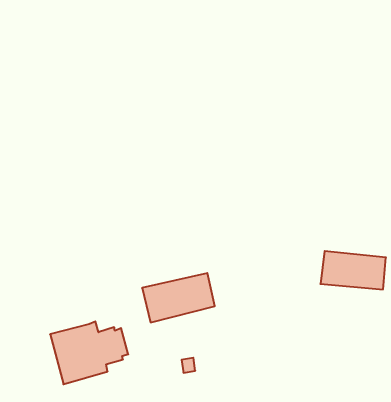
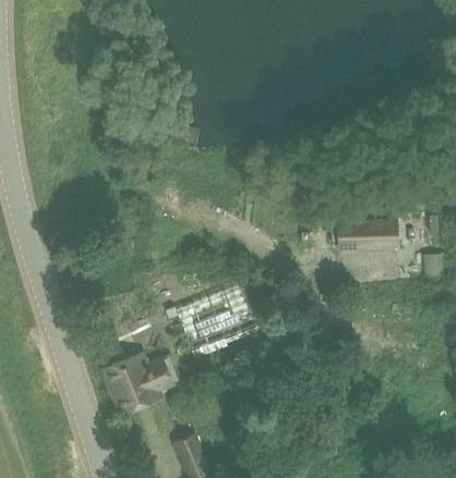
building: [320,251,386,289] -> [337,218,397,250]

